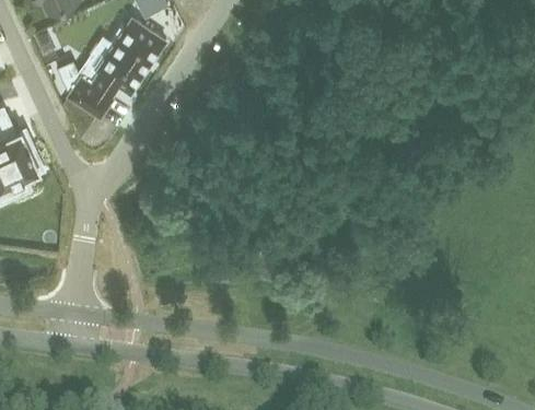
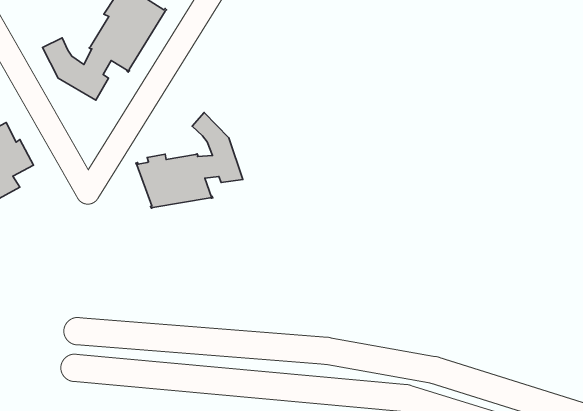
building: none -> [136,112,243,208]

